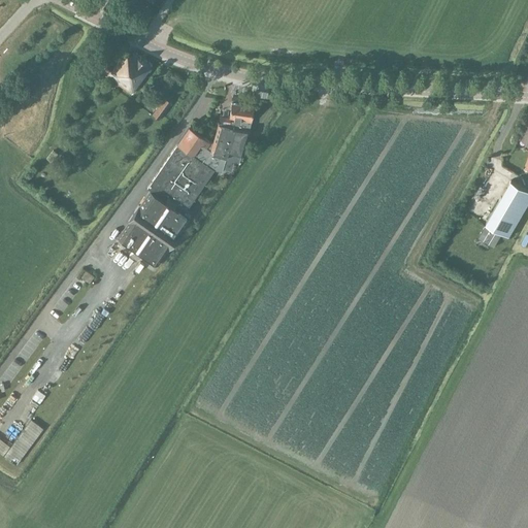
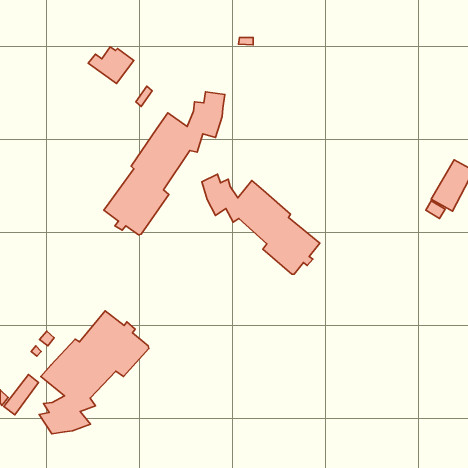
building: none -> [202,174,320,274]
building: none -> [39,311,149,434]

